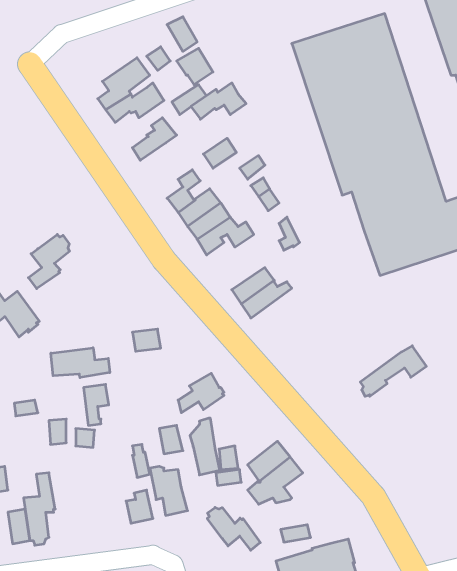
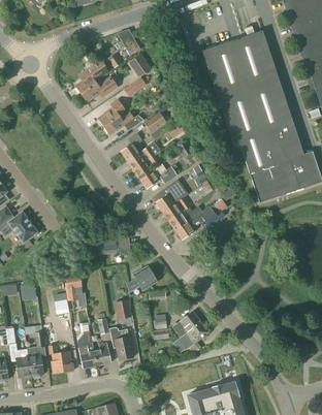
building: [191,83,246,119] -> [102,111,138,135]
building: [28,234,69,289] -> none
building: none -> [154,180,187,212]
building: [360,346,426,396] -> [174,206,218,240]
building: [51,348,110,378] -> none
building: [190,418,220,475] -> [76,330,96,368]
building: none -> [47,345,72,373]
building: [207,507,260,550] -> none

